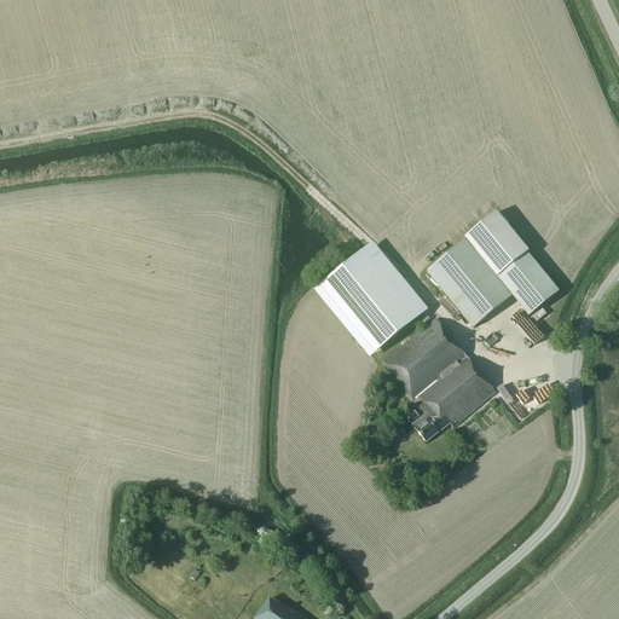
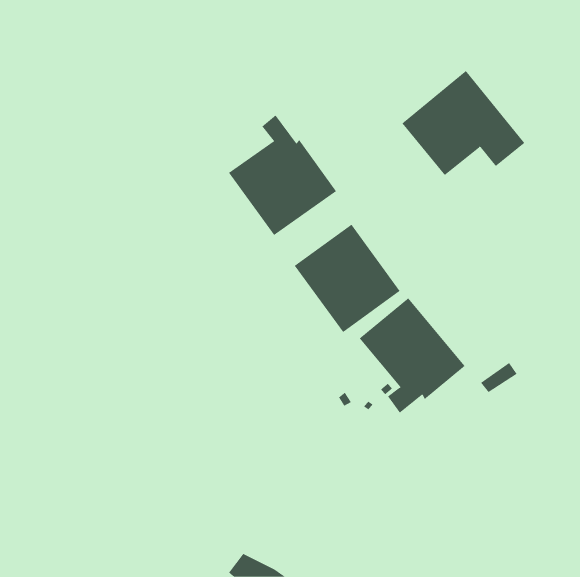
building: none -> [228,114,337,236]
building: [427,212,559,324] -> [401,70,525,176]

